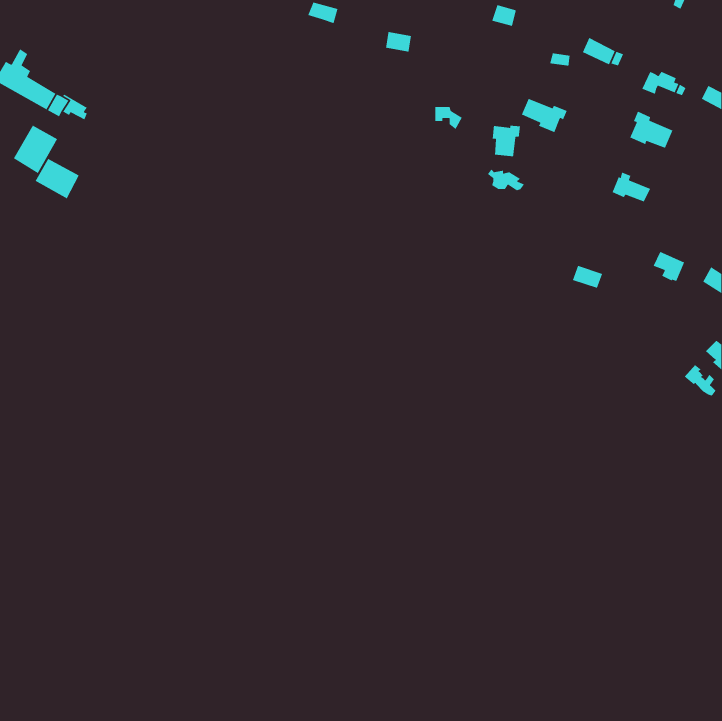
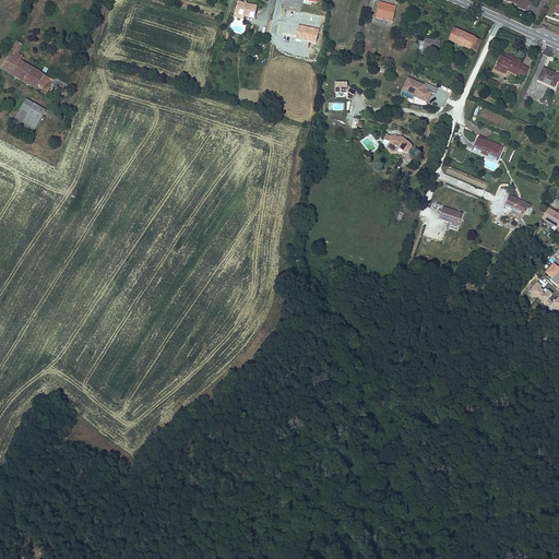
building: [629,111,673,149] -> none
building: [492,125,521,157] -> none
building: [35,158,80,200] -> none

